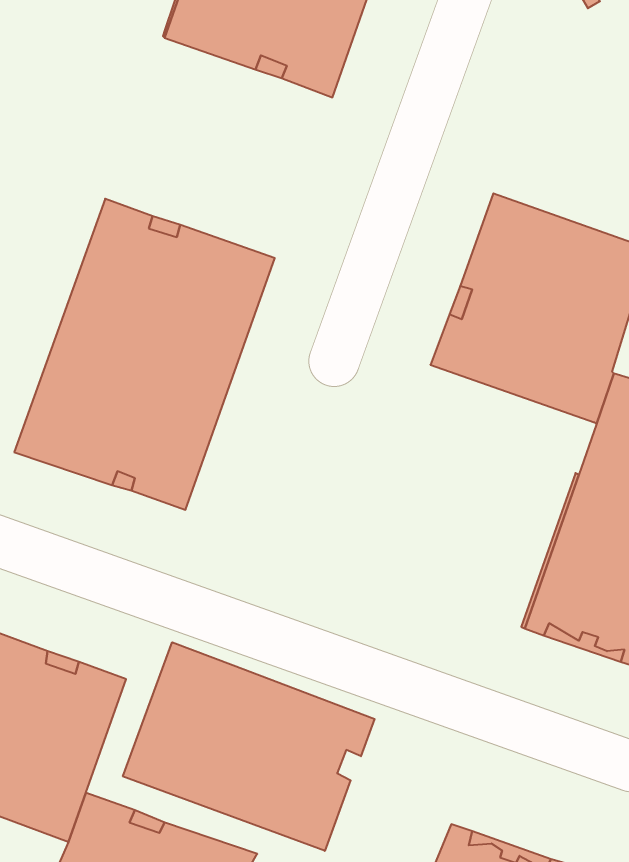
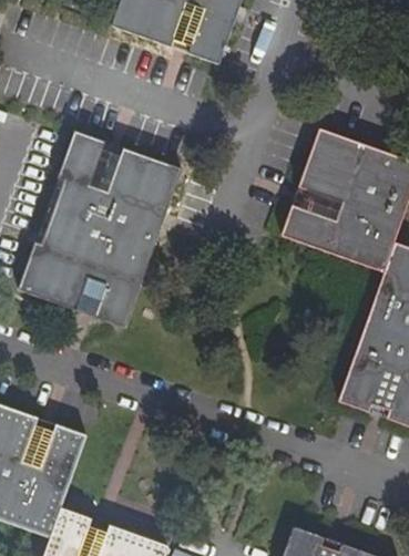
building: [123,642,375,851] -> none

